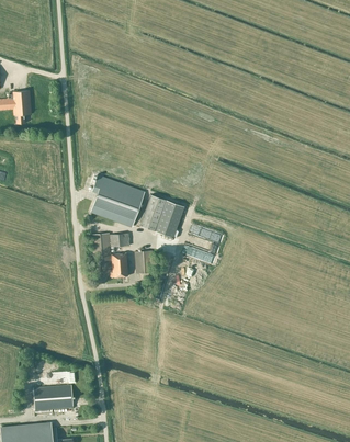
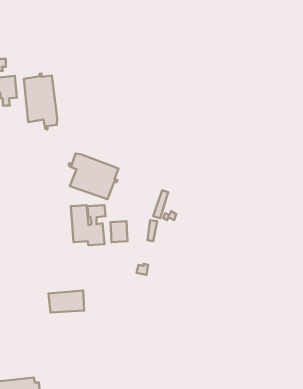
building: none -> [24,73,57,129]
building: [139,194,183,237] -> none
building: [33,385,72,409] -> [48,291,84,313]

